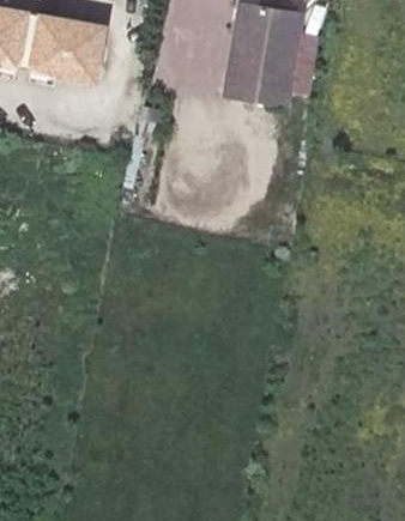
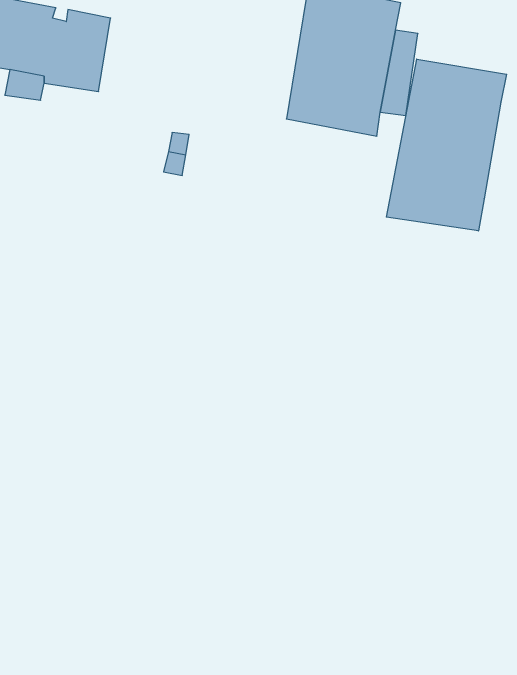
building: none -> [386,59,507,231]

